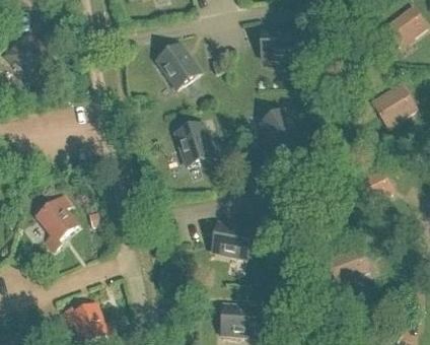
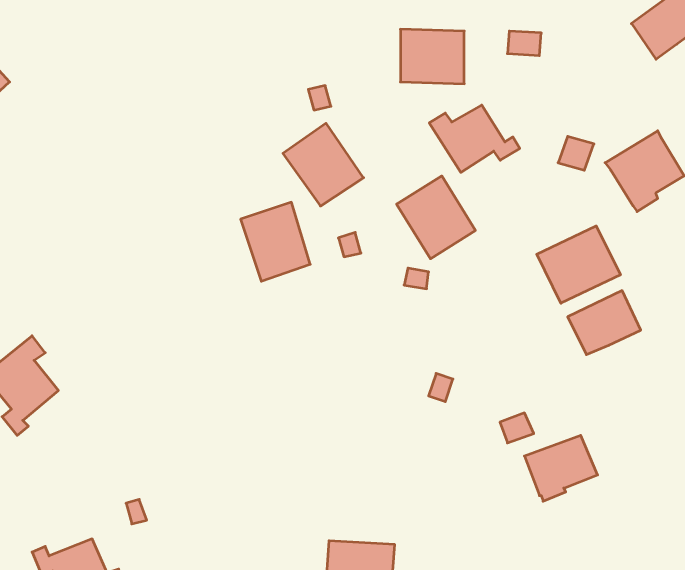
building: [155,43,199,87] -> [283,123,364,206]
building: none -> [429,105,520,172]
building: none -> [537,226,620,303]
building: [211,221,250,257] -> none

